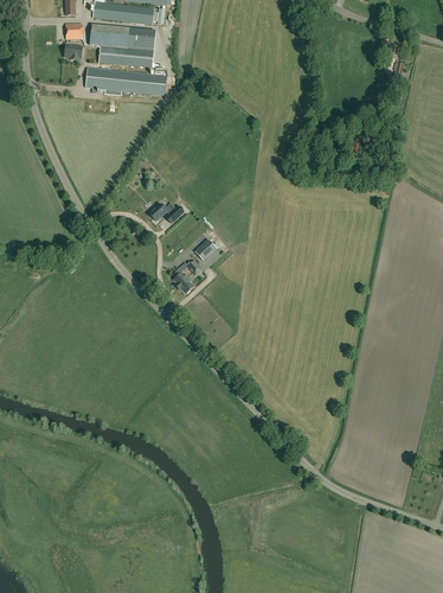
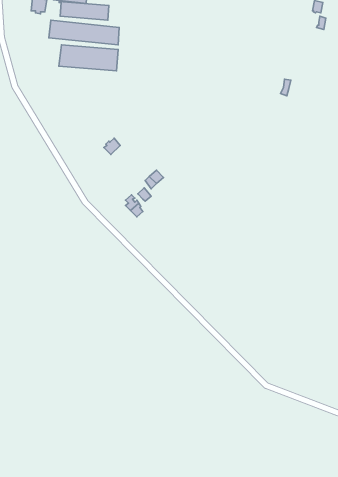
building: none -> [59,45,118,71]

